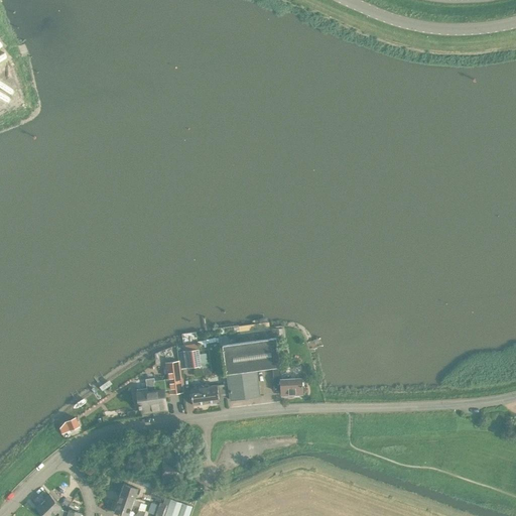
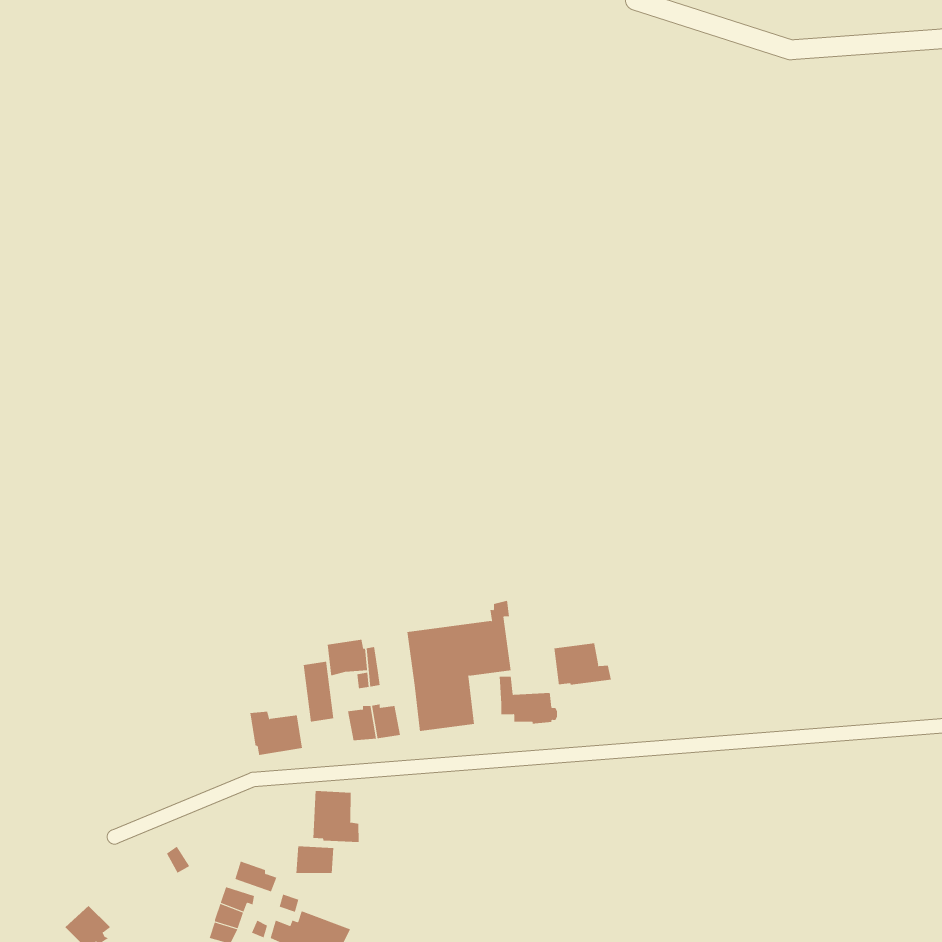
building: none -> [554,642,612,685]
building: none -> [313,790,359,843]

